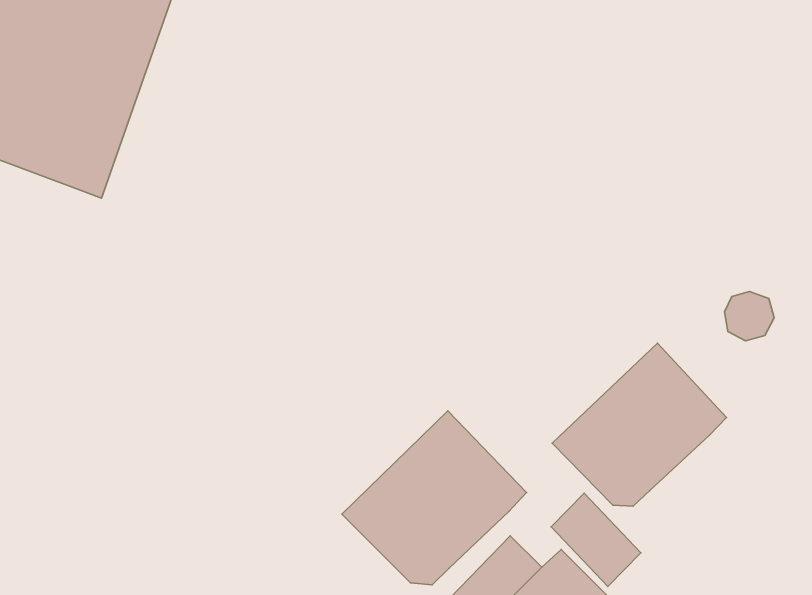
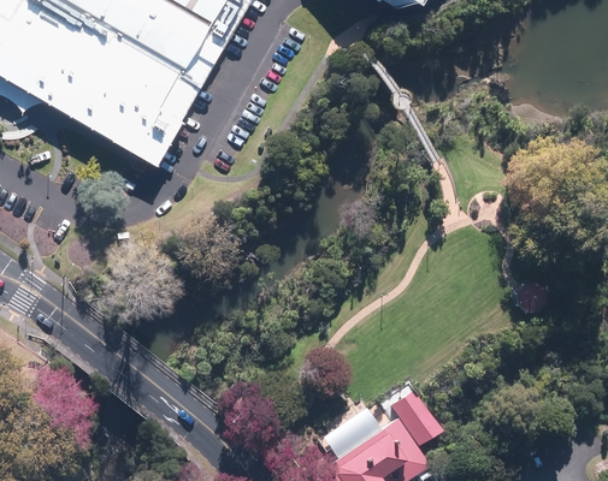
building: [552,343,726,506] -> none
building: [342,411,526,585] -> none

